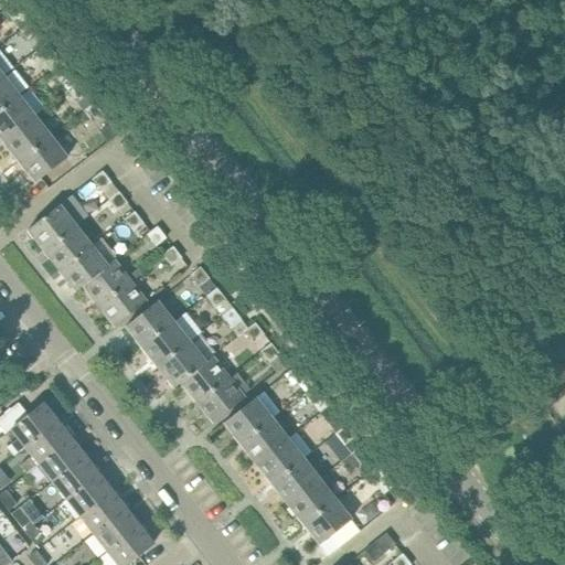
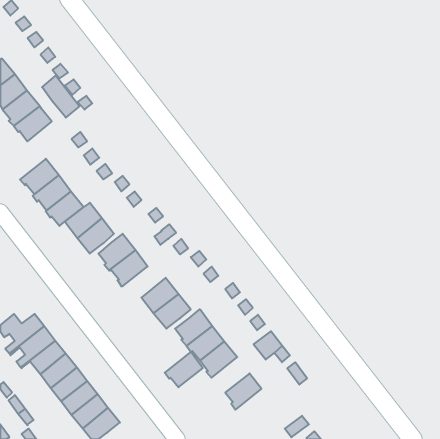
building: none -> [42,76,80,118]
building: [159,341,213,386] -> none
building: [271,457,320,502] -> [165,352,203,387]
building: [302,498,352,543] -> none

